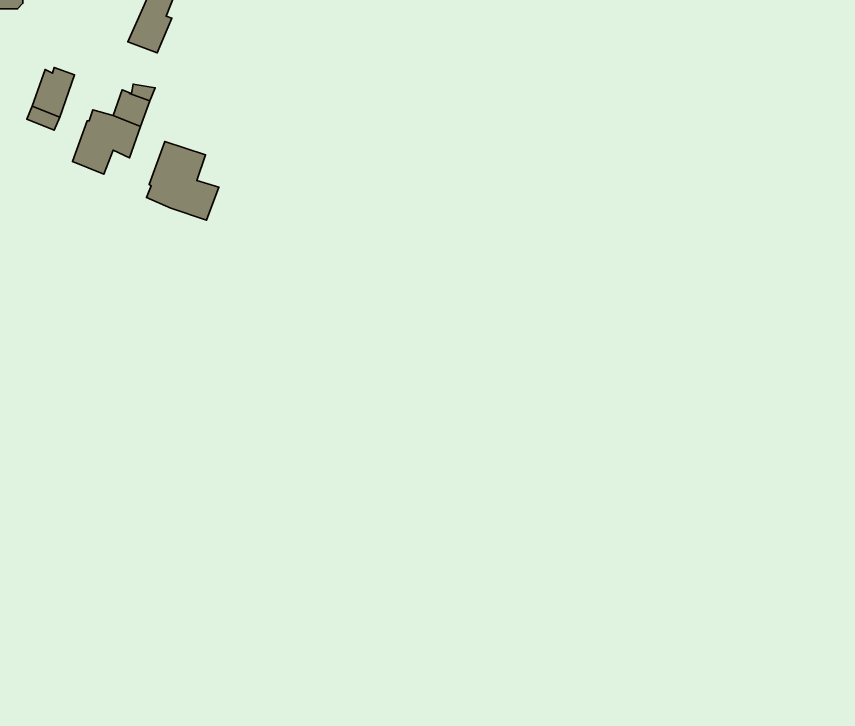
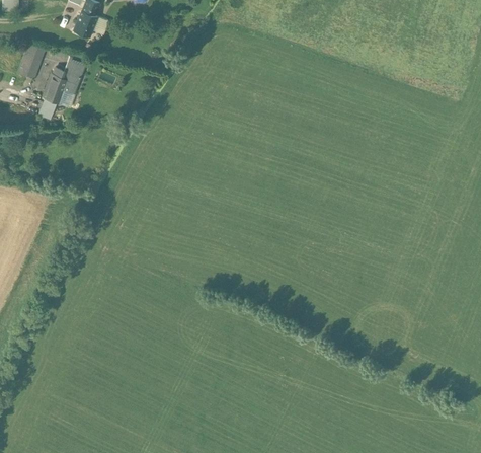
building: [147,142,219,220] -> none

